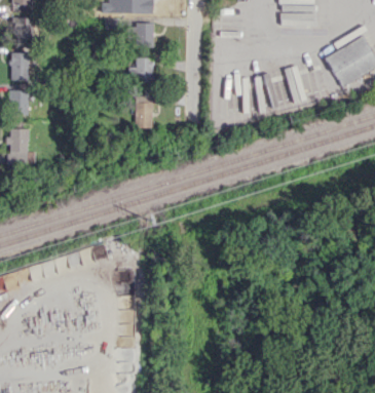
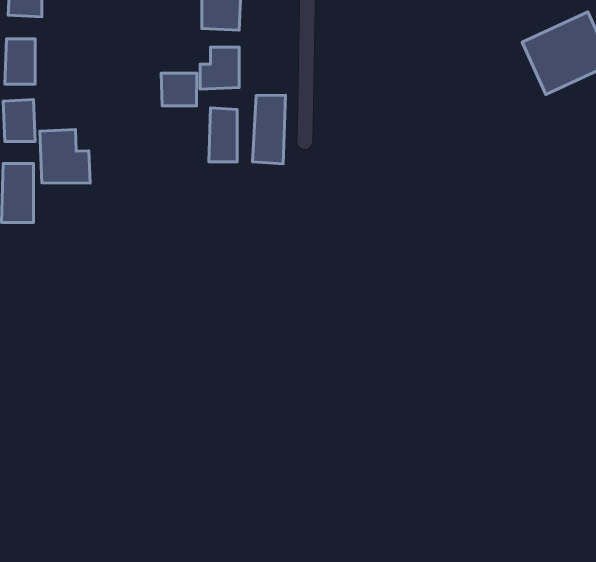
building: none -> [161,73,197,106]
building: none -> [252,95,285,164]
building: none -> [40,130,90,183]

